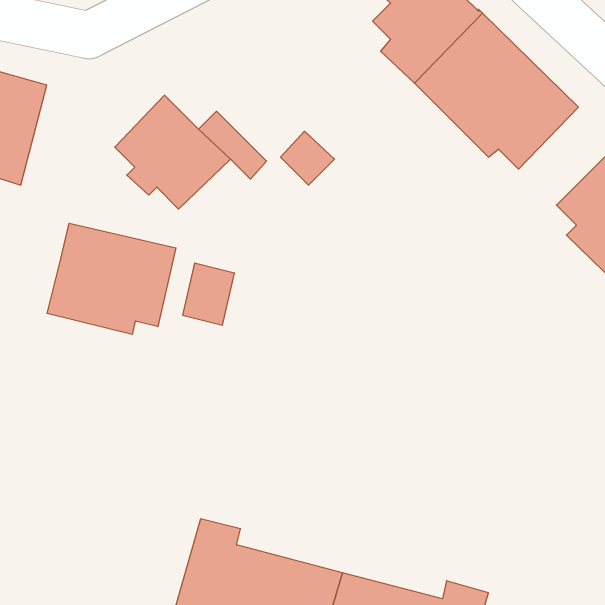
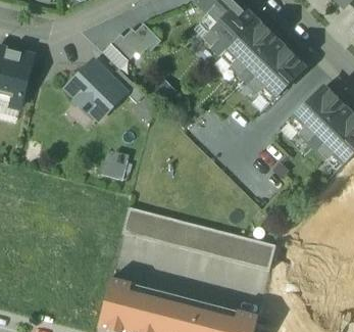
building: none -> [111,22,161,59]
building: [47,223,176,334] -> none
building: none -> [122,206,276,270]

